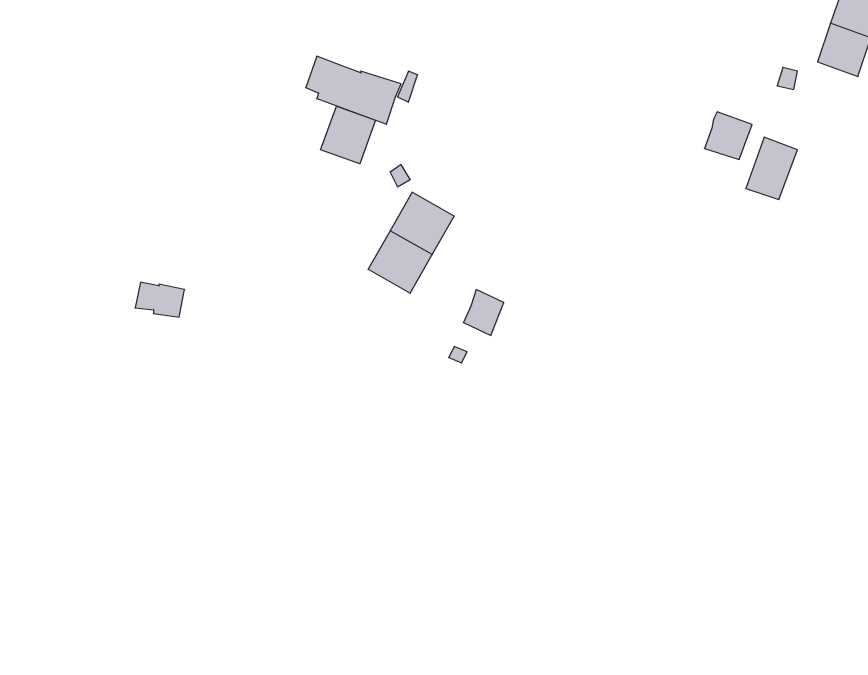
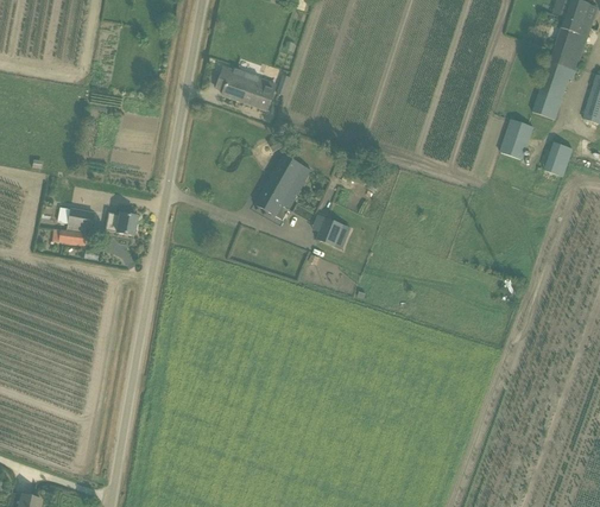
building: [321,106,376,164] -> none
building: [704,112,752,159] -> [531,87,562,118]
building: none -> [543,141,573,176]
building: none -> [57,208,91,243]

